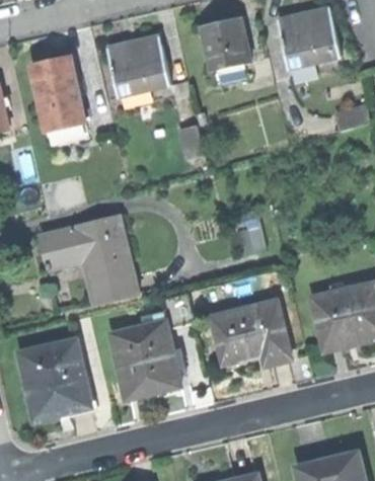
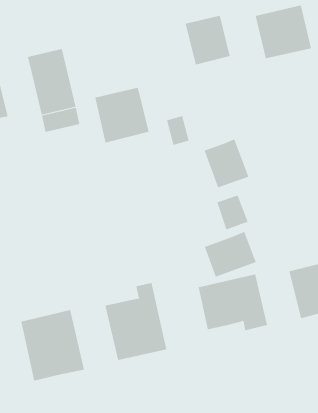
building: [108,36,168,97] -> [95,87,150,143]
building: none -> [204,139,249,188]
building: [40,219,134,304] -> none
building: none -> [204,231,256,277]

